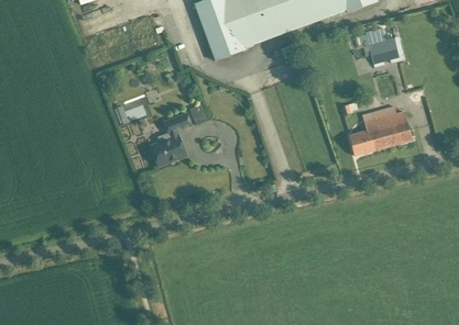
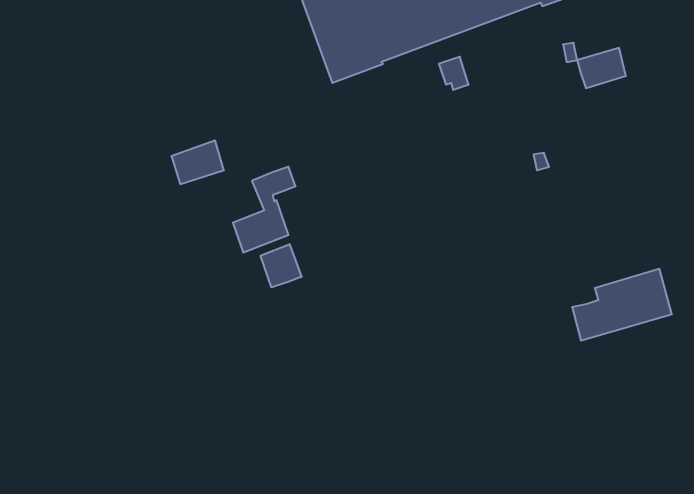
building: [350,110,413,155] -> [572,269,672,340]
building: none -> [261,244,302,287]

